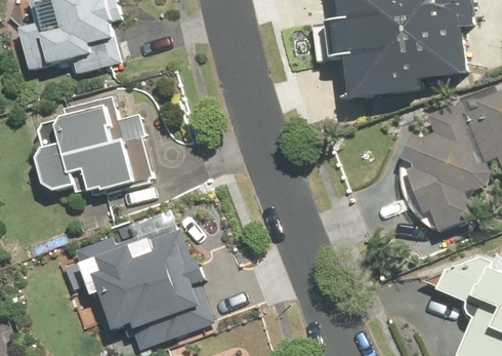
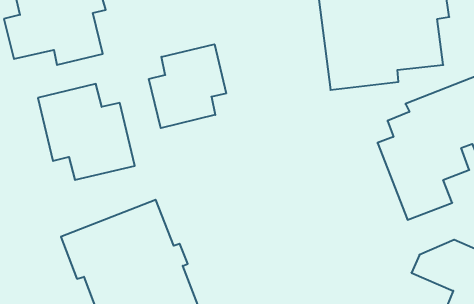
building: none -> [149,44,226,128]

